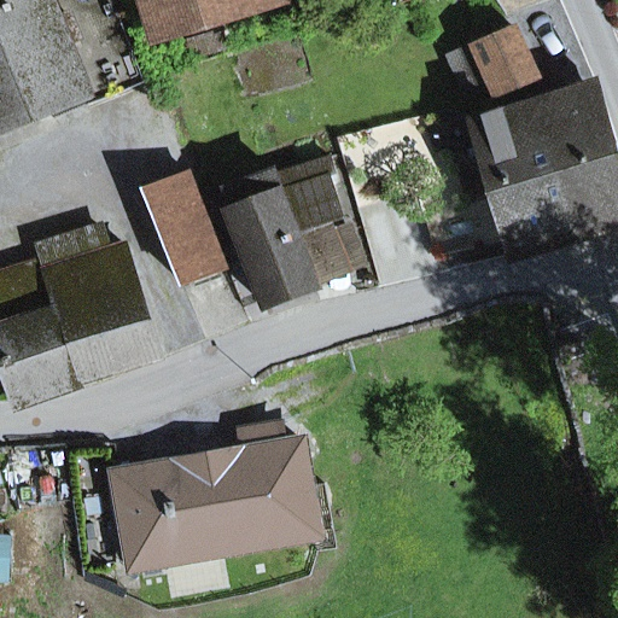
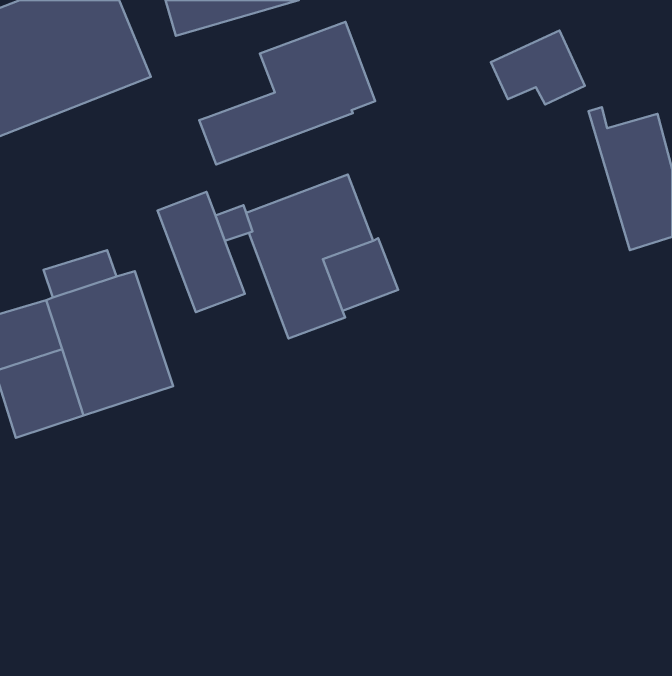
building: none -> [199,22,375,165]
building: [478,101,575,245] -> none
building: [115,426,317,569] -> none

